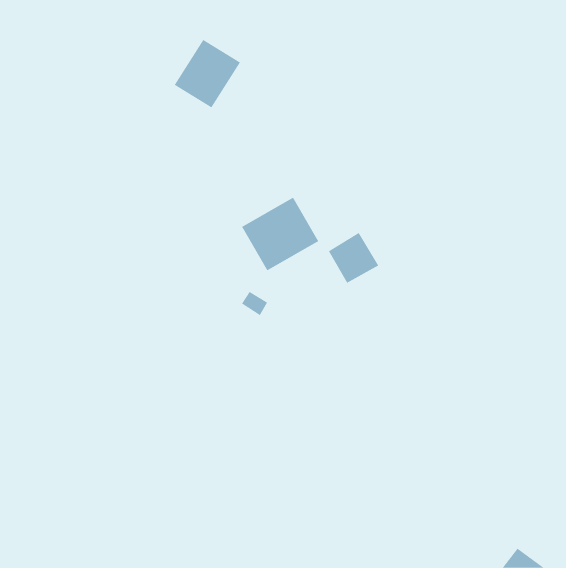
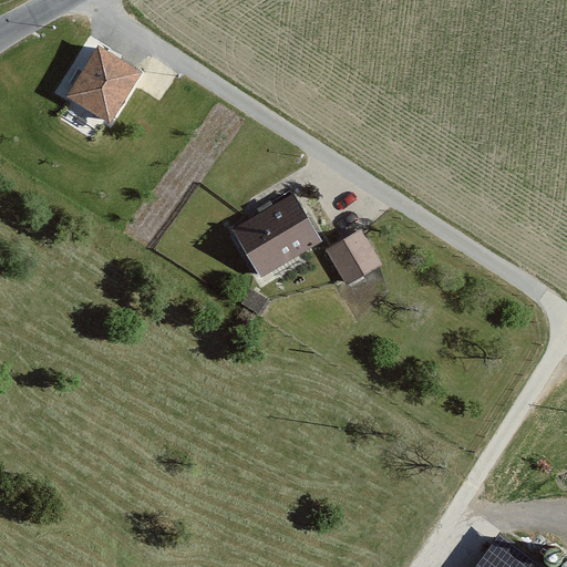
building: [174,39,241,108] -> [69,50,135,118]

